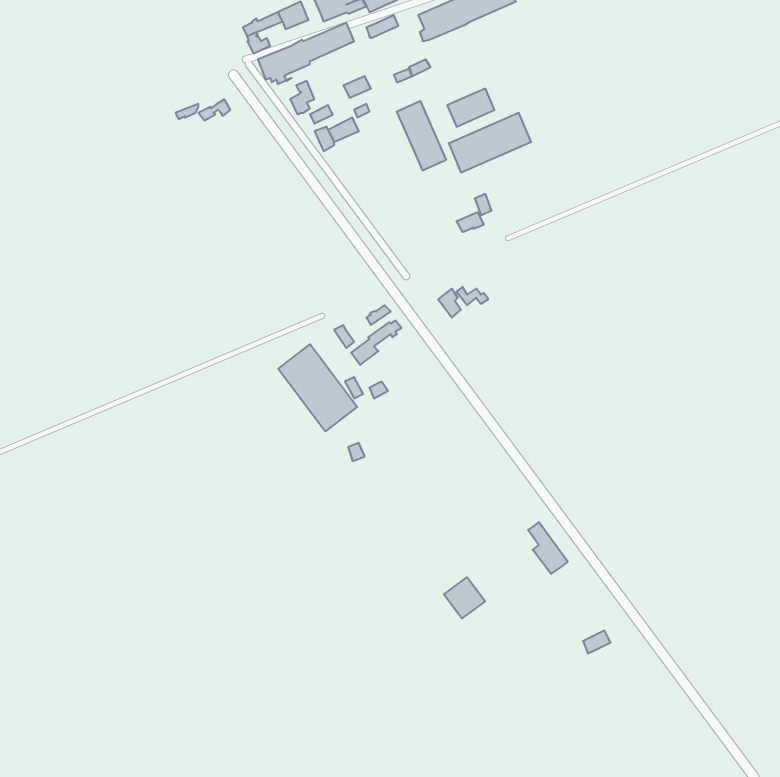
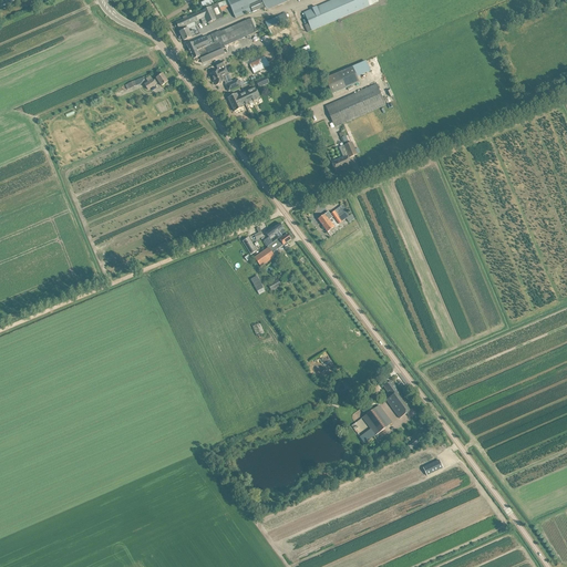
building: [397,101,446,171] -> none
building: [278,344,357,431] -> none
building: [444,577,485,618] -> [362,403,392,433]

